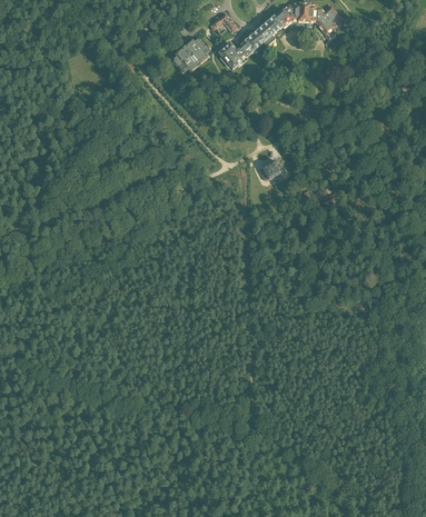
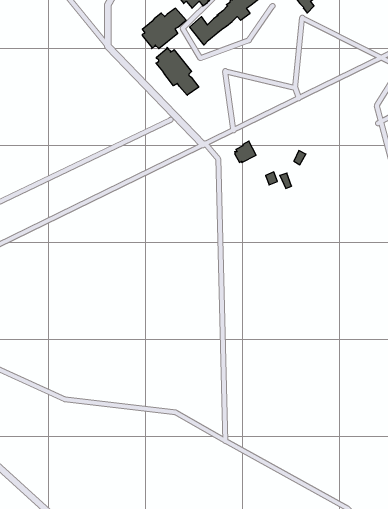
building: none -> [156,47,199,95]

